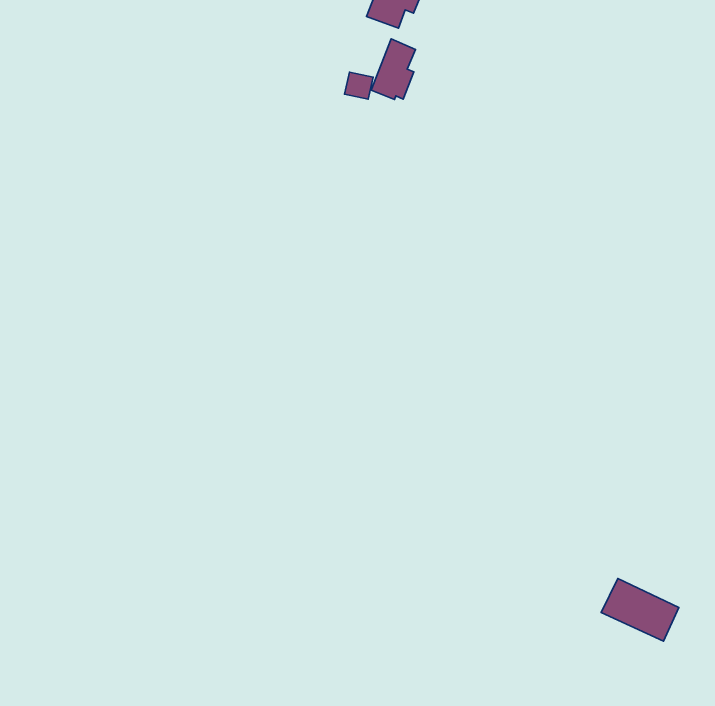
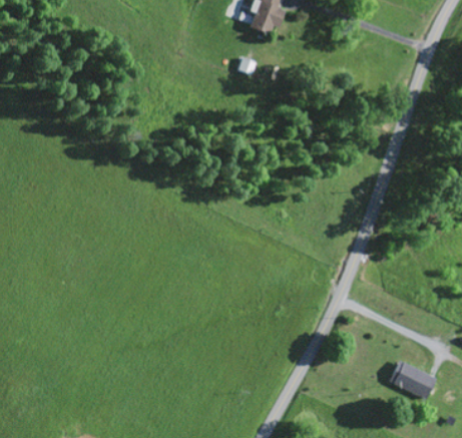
building: [371,39,416,100] -> none

